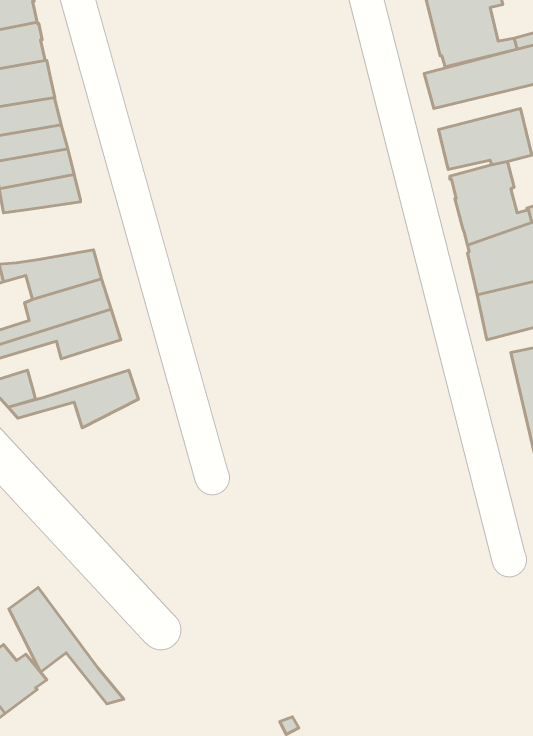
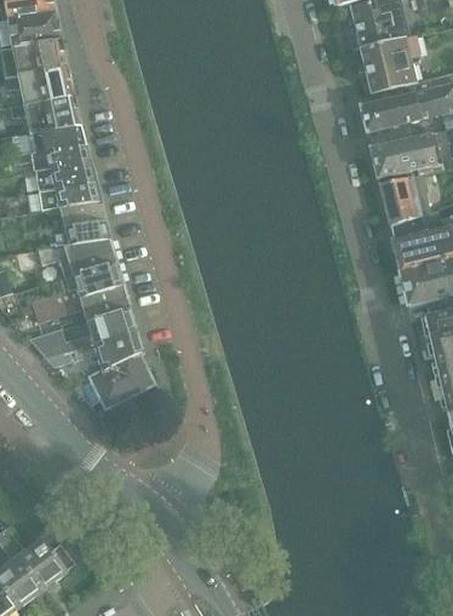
building: none -> [48,202,110,248]
building: none -> [64,306,137,351]
building: none -> [92,351,151,409]
building: [9,588,124,704] -> none

